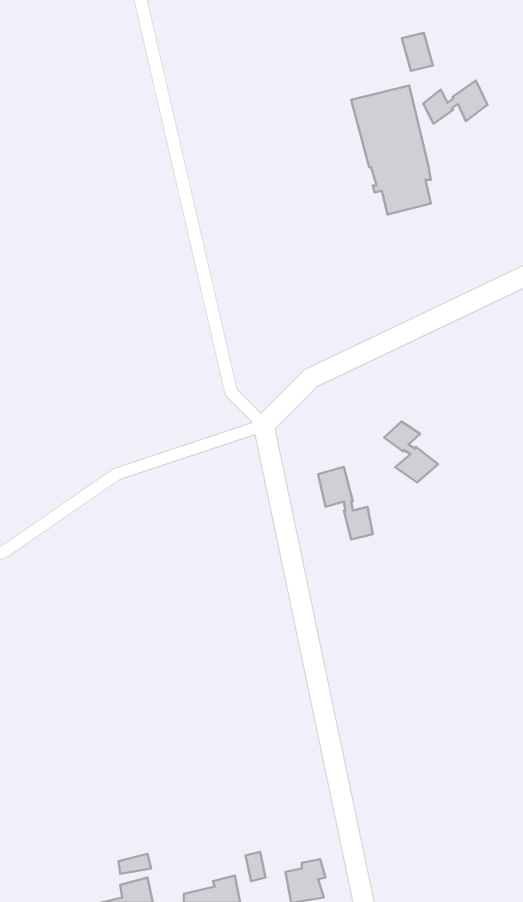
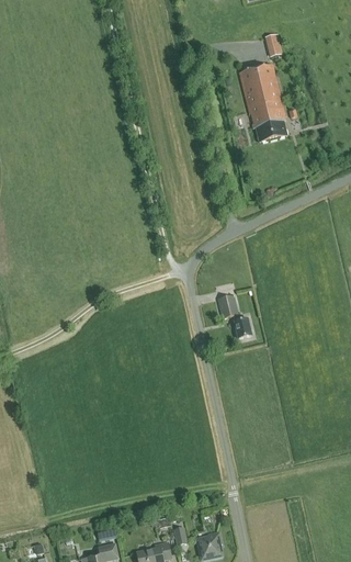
building: [423,81,487,124] -> none
building: [384,422,438,482] -> none

